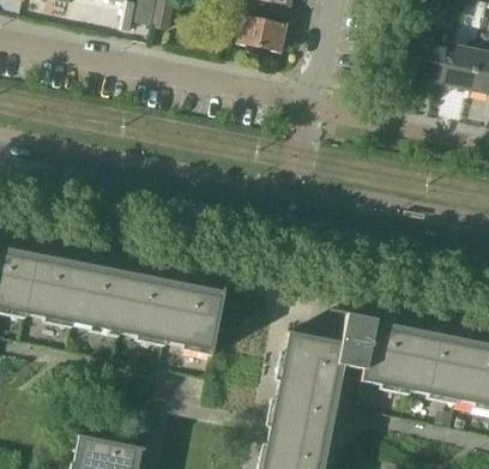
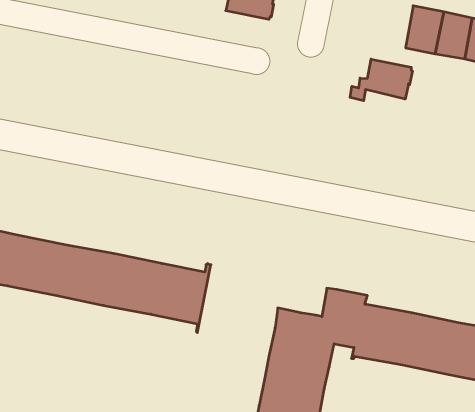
building: none -> [350,59,412,101]

